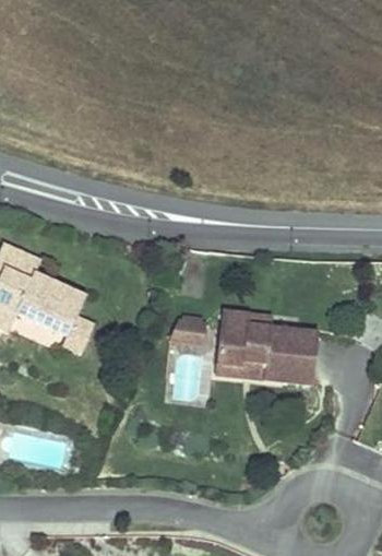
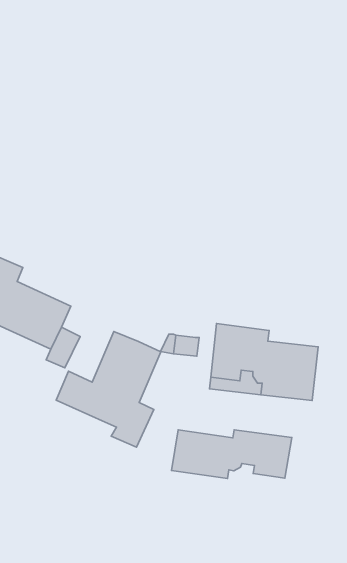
building: none -> [56,331,161,447]
building: none -> [171,430,292,479]

